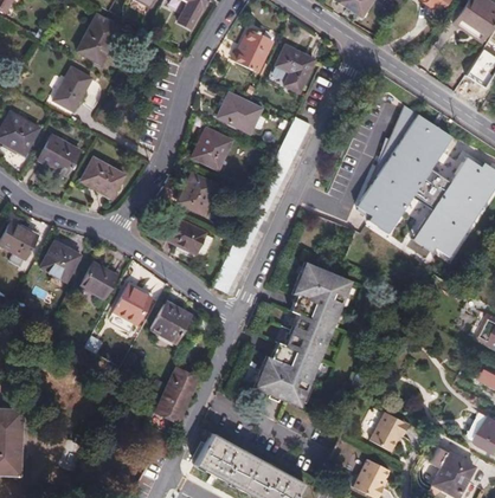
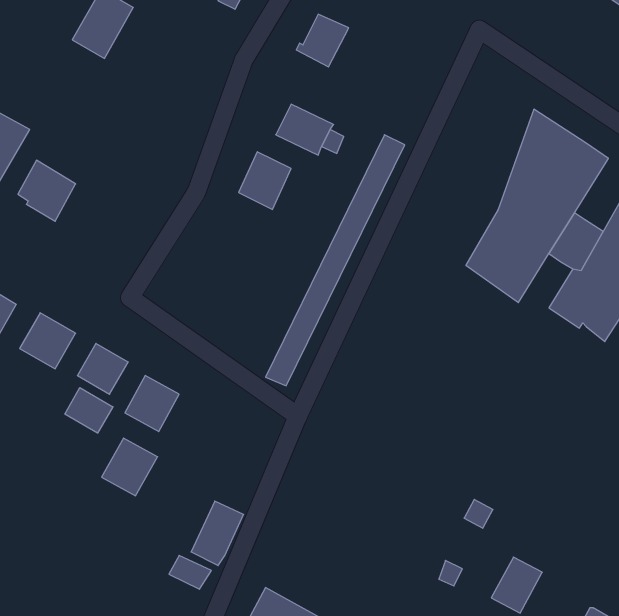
building: [275,46,313,91] -> none
building: [53,69,91,111] -> none
building: [82,160,124,199] -> none
building: [179,175,214,213] -> none
building: [167,220,204,253] -> none
building: [252,259,352,406] -> none
building: none -> [65,388,113,433]
building: [152,302,191,342] -> [102,438,158,496]

